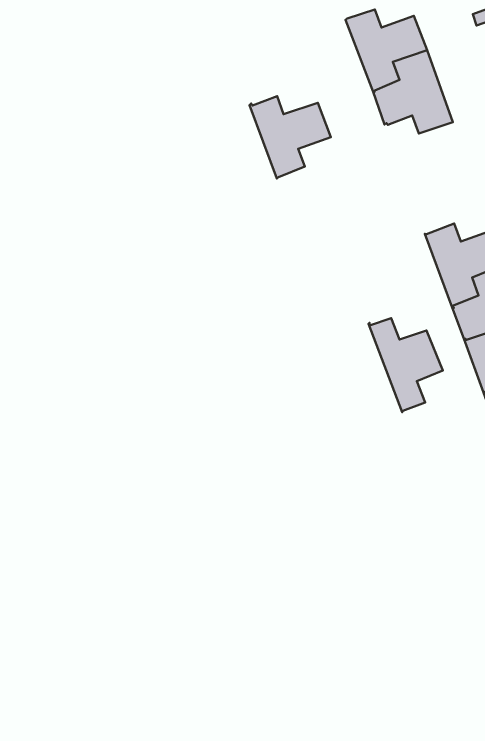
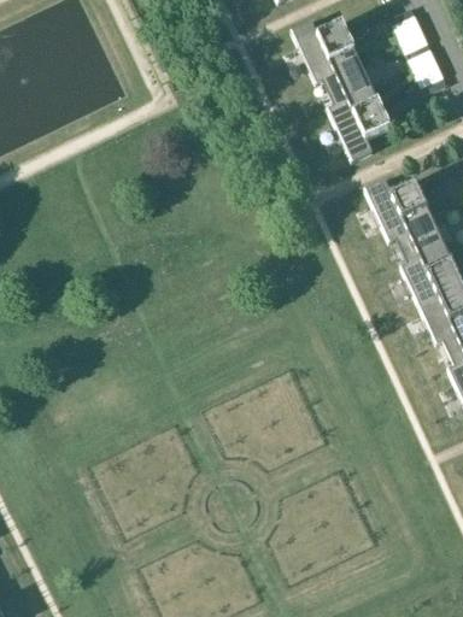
building: [249,96,331,179] -> [327,96,391,159]
building: [369,318,443,412] -> none

